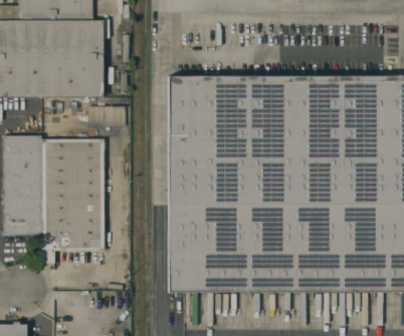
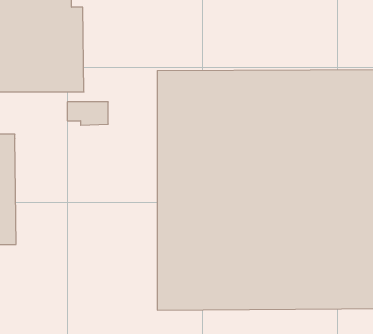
building: [40,138,103,263] -> none

